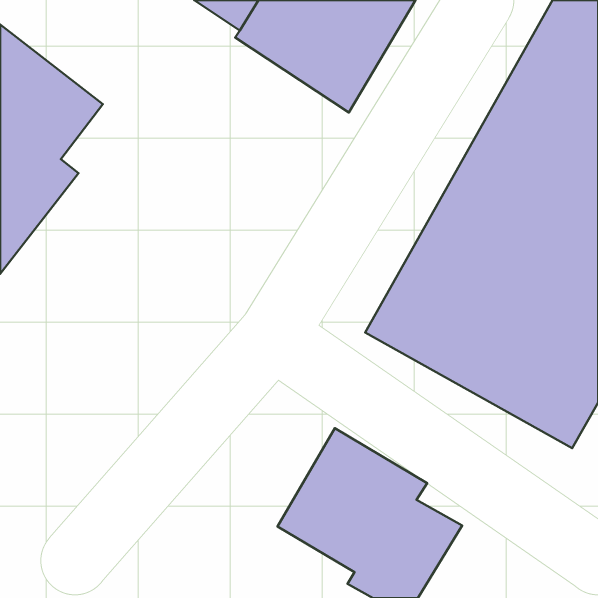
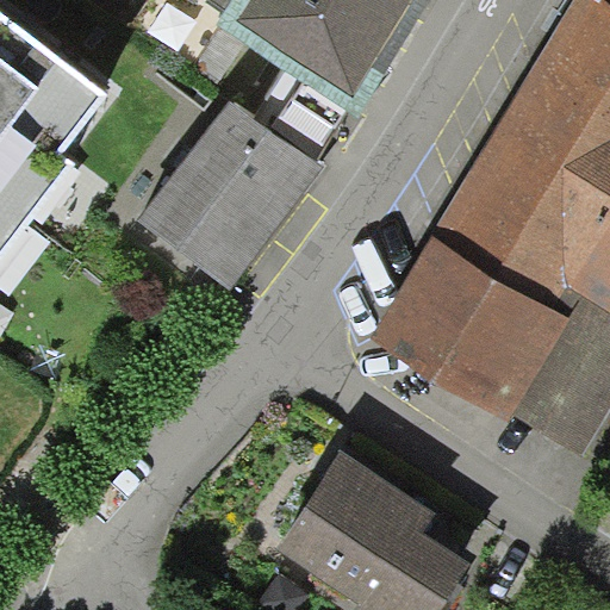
building: none -> [142,110,322,297]

